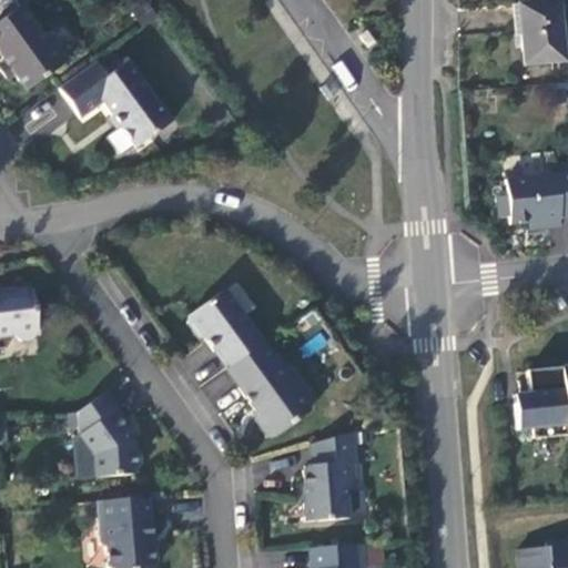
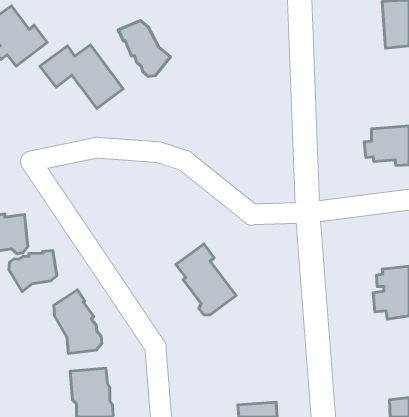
building: none -> [118,21,171,76]
building: [196,283,273,359] -> none
building: none -> [9,250,57,291]
building: [316,432,371,521] -> none

